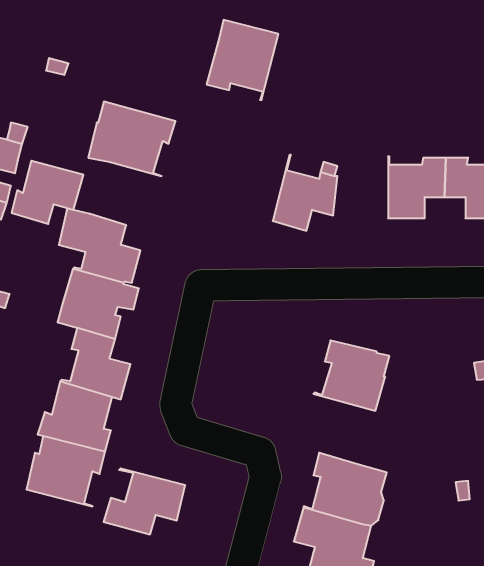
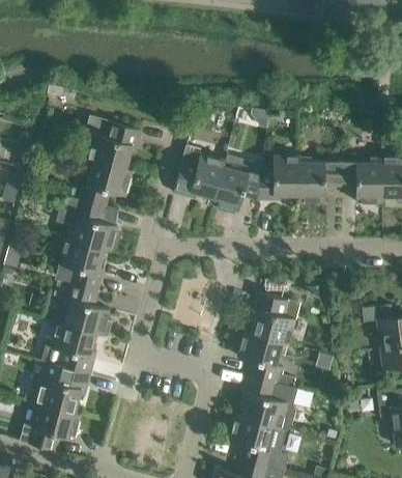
building: [207,20,278,100] -> [174,145,227,204]
building: none -> [259,156,299,200]
building: [12,161,83,224] -> [80,161,133,207]
building: none -> [238,332,290,384]
building: [104,468,185,534] -> [21,402,81,451]

